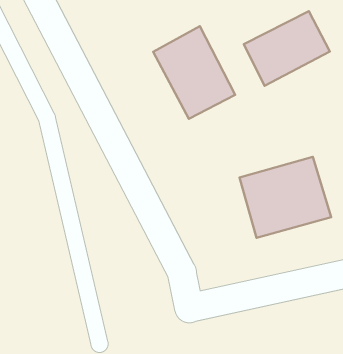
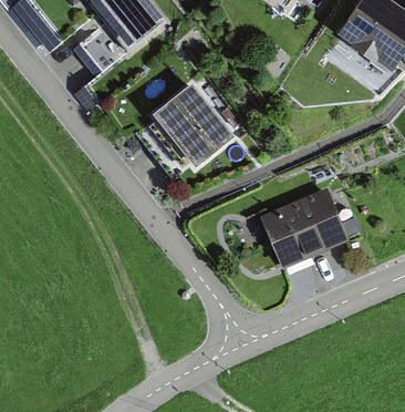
building: [244,11,330,86] -> none

